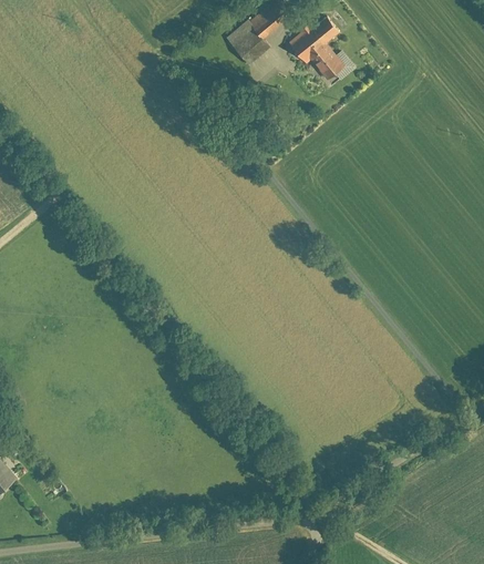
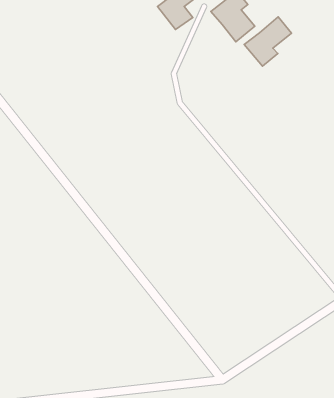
building: none -> [244,17,291,66]

